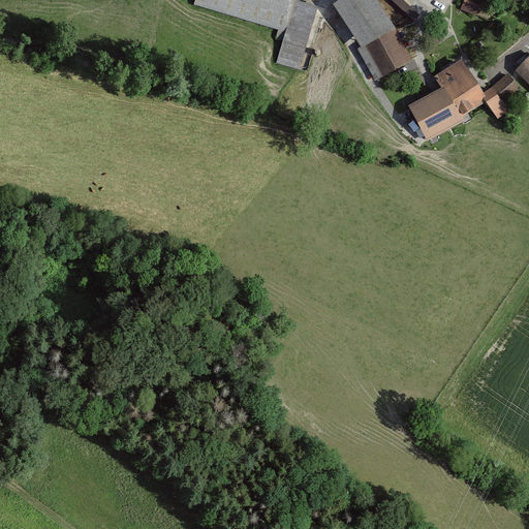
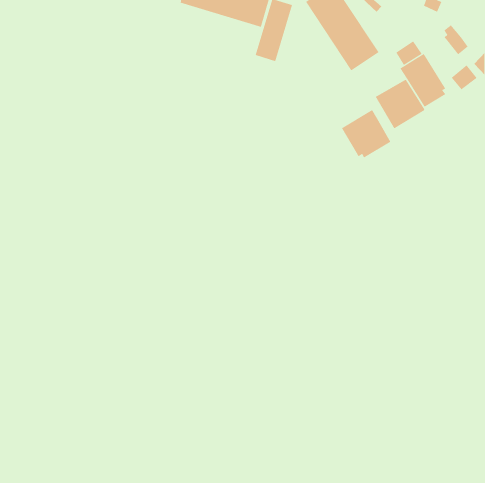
building: none -> [395,40,422,66]
building: [481,85,508,118] -> [444,25,468,55]
building: none -> [341,109,391,159]

